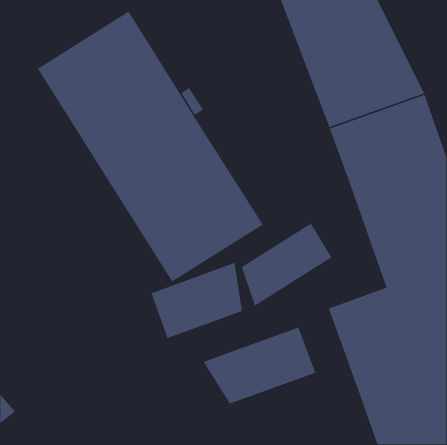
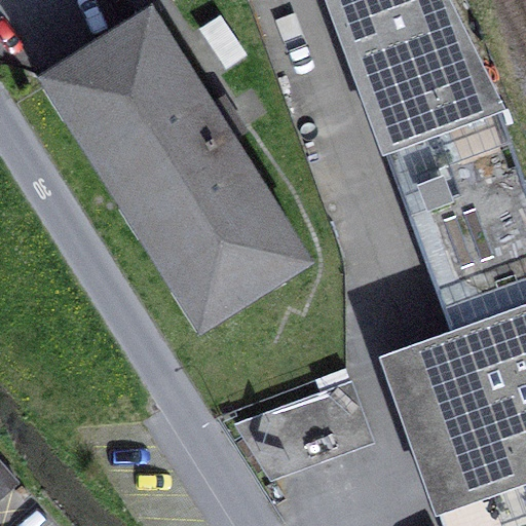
building: [241,222,333,307] -> none
building: [150,262,243,339] -> none

